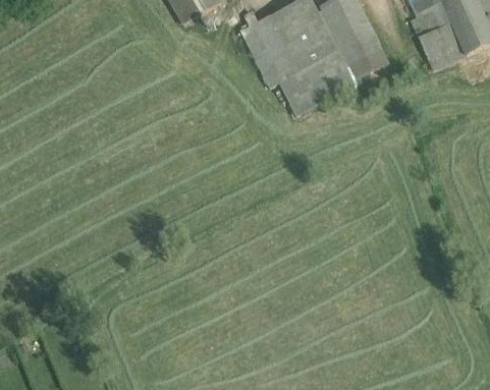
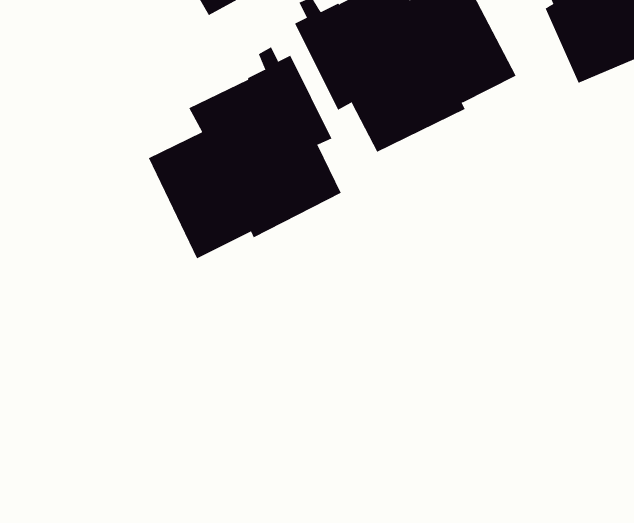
building: none -> [148,46,342,259]

